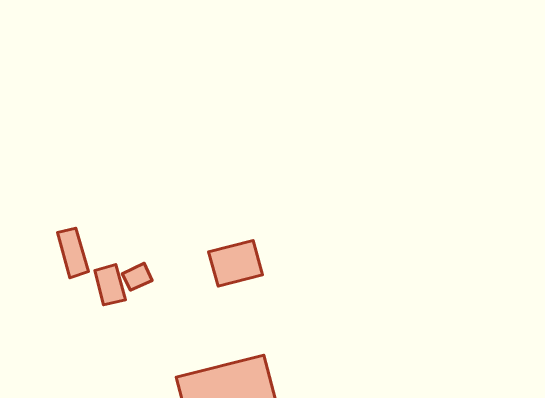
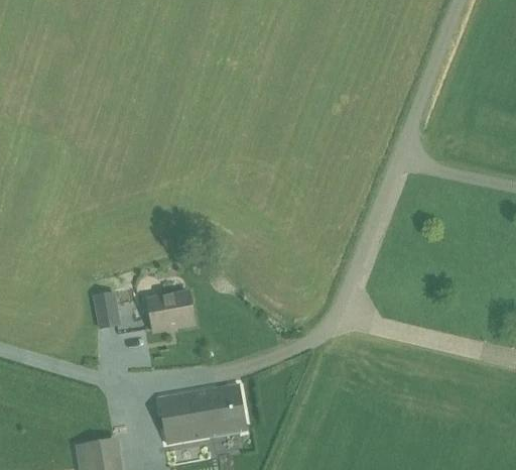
building: [58,228,89,278] -> none
building: [209,240,263,286] -> [147,291,194,330]

